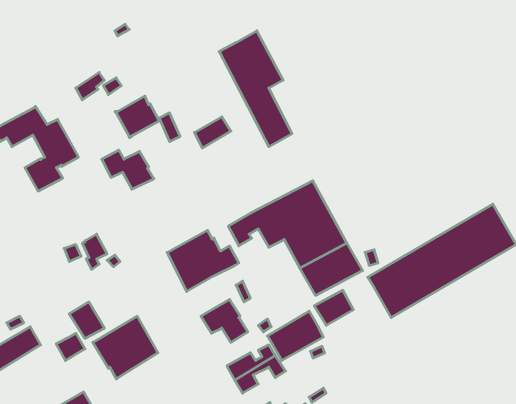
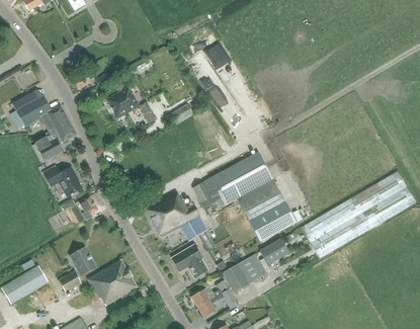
building: [102,150,154,189] -> [43,166,83,196]

